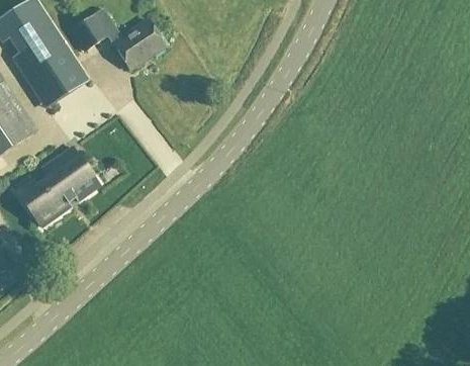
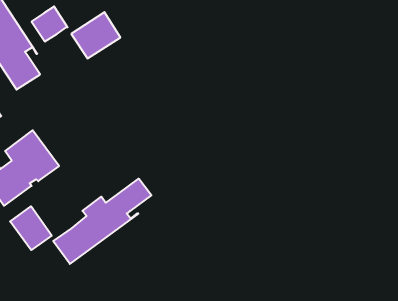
building: none -> [53,179,151,264]
building: none -> [10,206,52,250]

